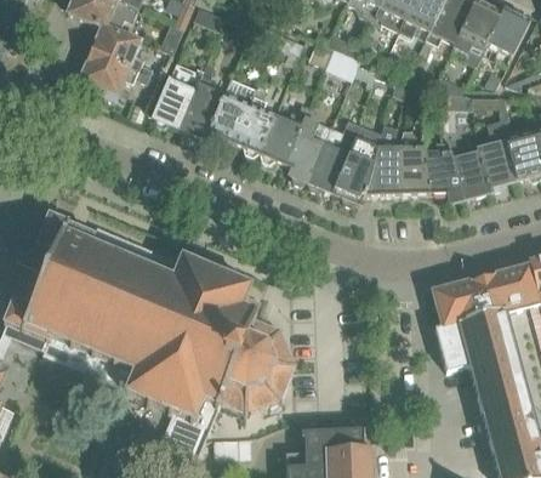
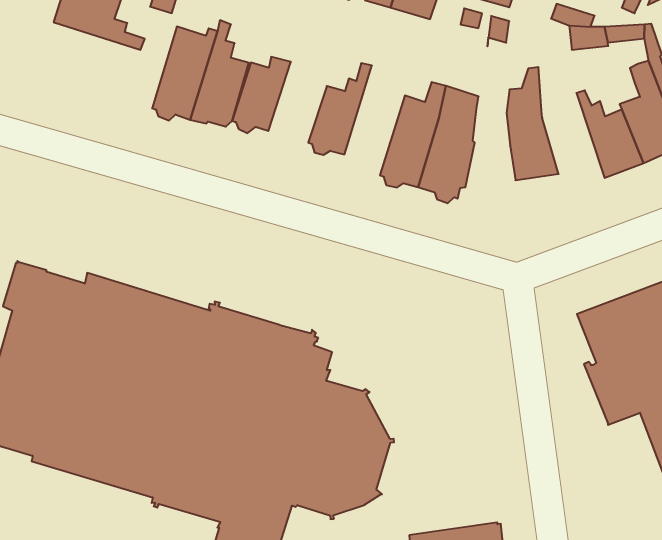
building: [80,50,150,99] -> none
building: [233,82,277,155] -> none
building: [284,103,330,182] -> none
building: [365,123,400,194] -> none
building: [423,126,462,200] -> none

